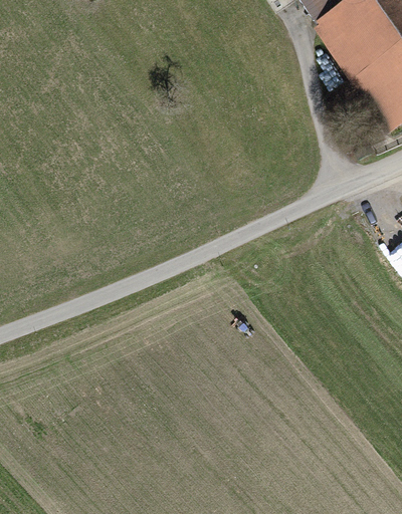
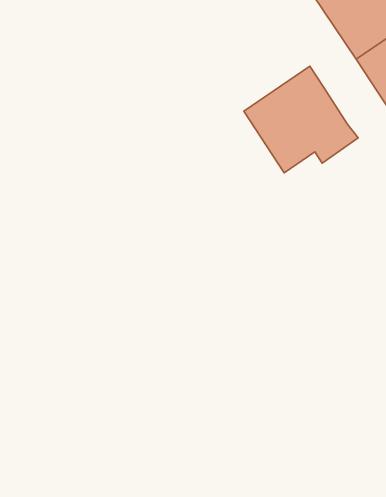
building: none -> [244,66,358,173]

